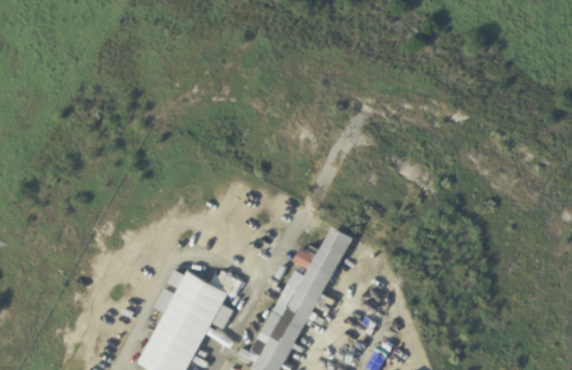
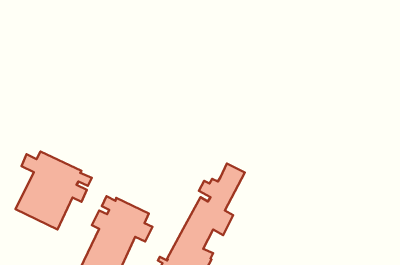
building: none -> [16,151,92,229]

